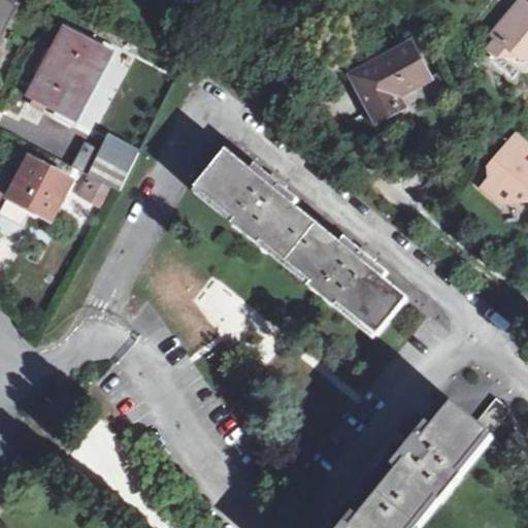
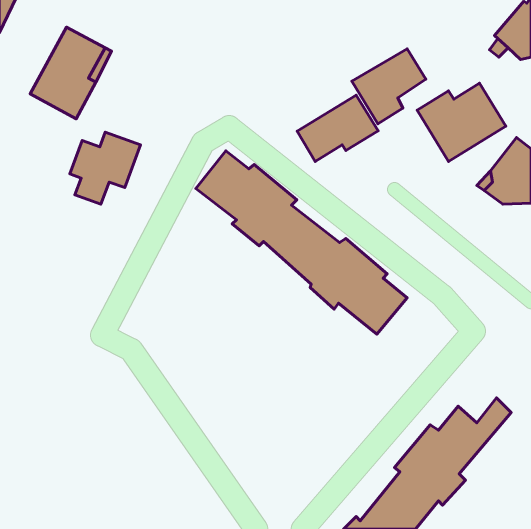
building: none -> [417,83,506,161]
building: none -> [297,95,378,161]
building: [5,155,72,222] -> none

